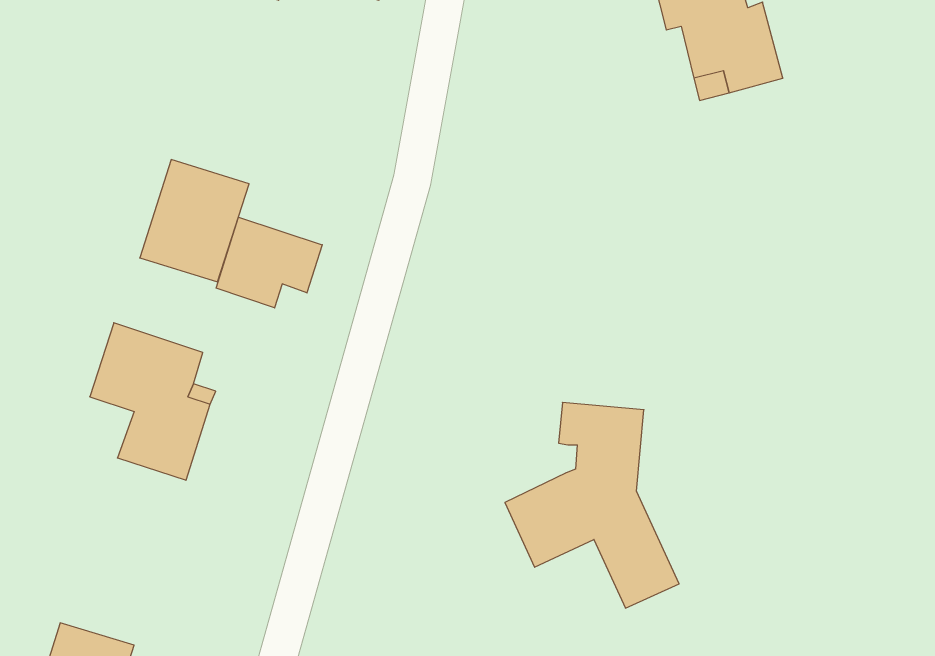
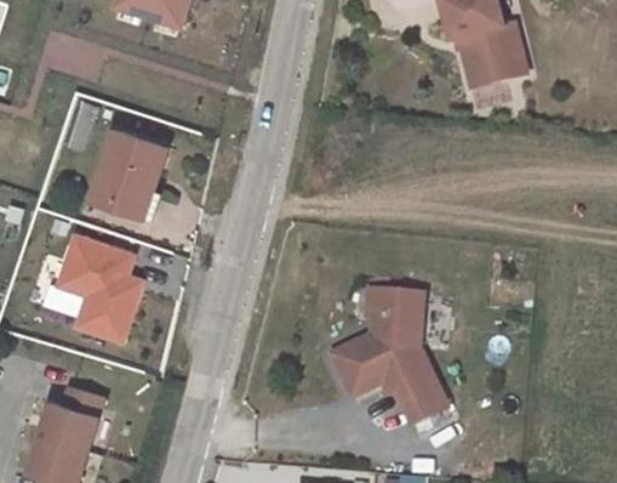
building: [216,217,322,308] -> none
building: none -> [41,385,107,447]

